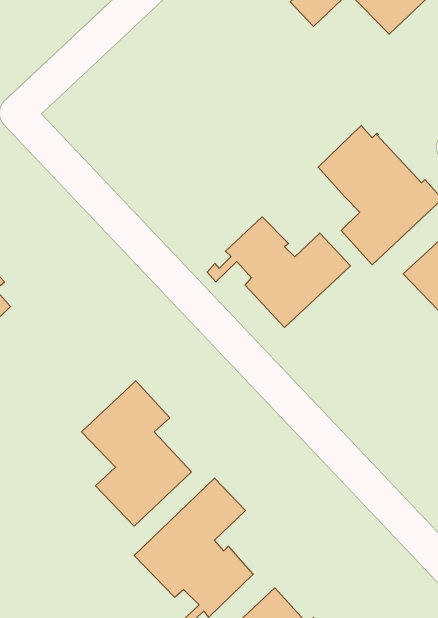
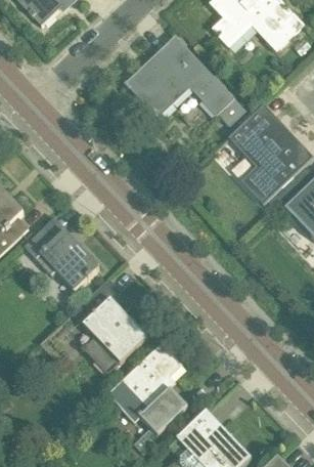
building: none -> [124,34,244,123]
building: [207,217,350,327] -> none
building: none -> [25,218,99,289]

